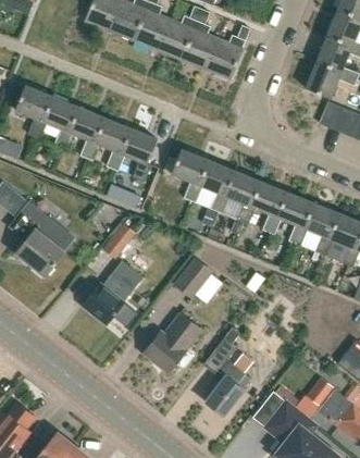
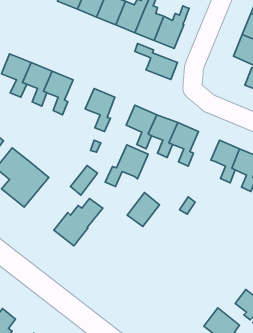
building: none -> [135,43,177,79]
building: [94,116,131,170] -> none
building: [250,181,287,234] -> none
building: none -> [105,145,148,186]
building: [142,312,201,373] -> none
building: [202,326,245,416] -> none

